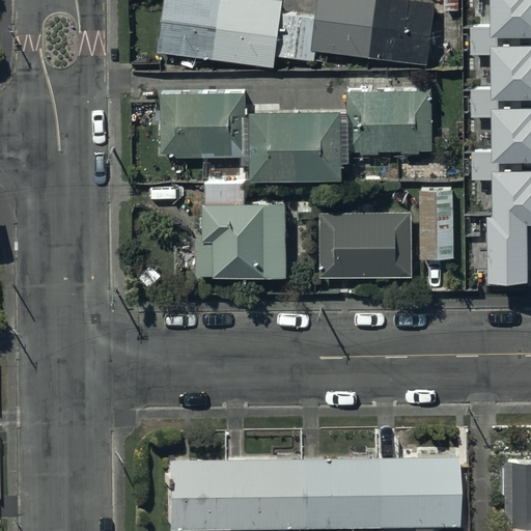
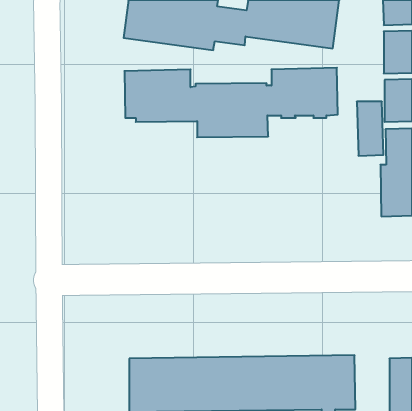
building: [420,189,454,258] -> [357,102,383,156]
building: [196,201,287,276] -> none
building: [320,213,413,277] -> none

